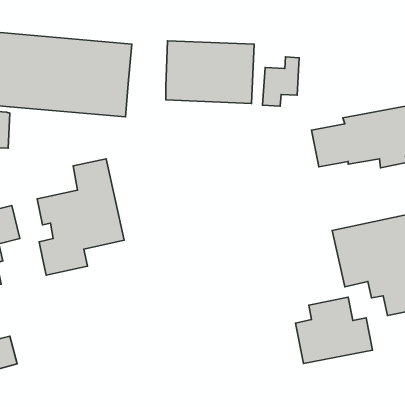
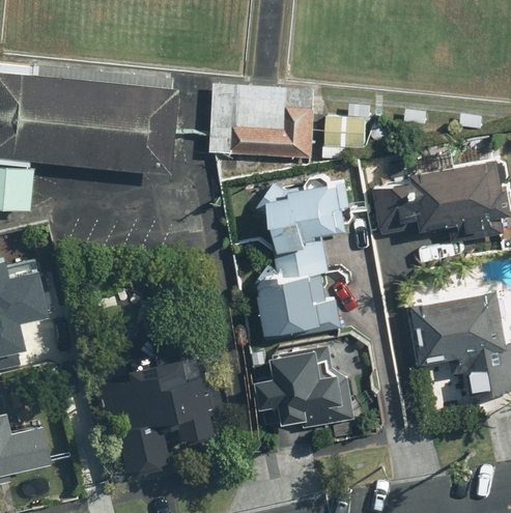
building: none -> [262,184,346,333]
building: [37,159,124,275] -> [110,337,210,472]
building: [295,297,372,363] -> [260,349,349,426]

